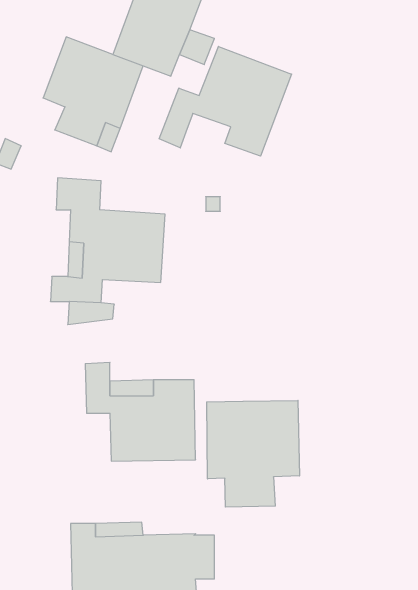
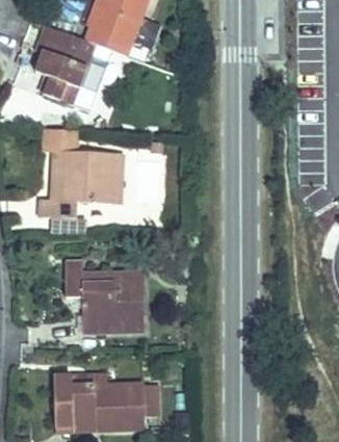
building: [159,46,292,156] -> none
building: [207,400,299,507] -> none

